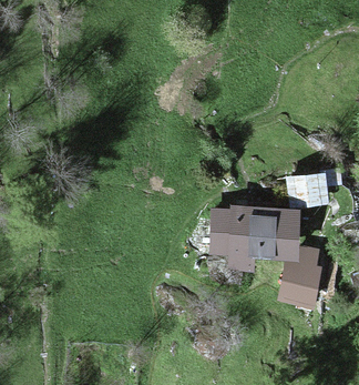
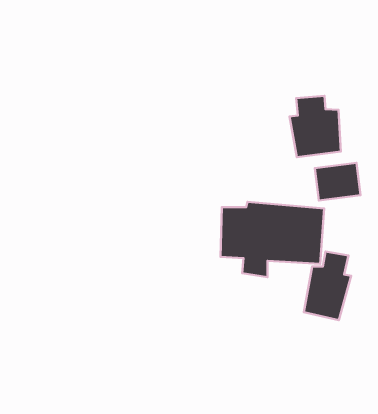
building: none -> [289,96,341,157]

